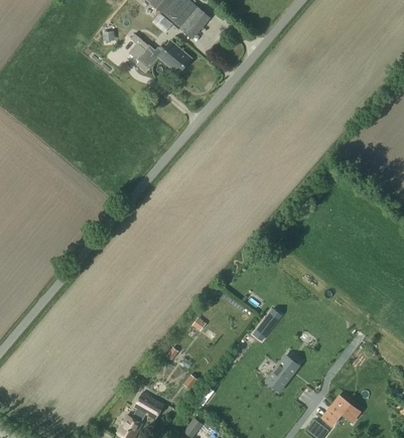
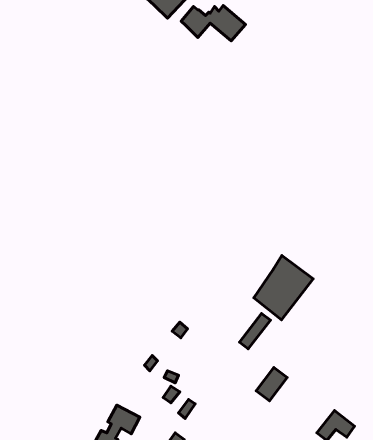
building: [132,40,190,72] -> [181,6,245,41]
building: none -> [254,256,313,320]

